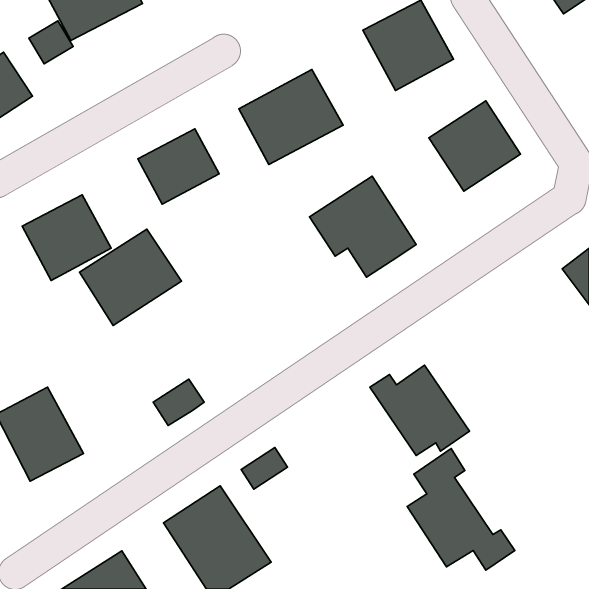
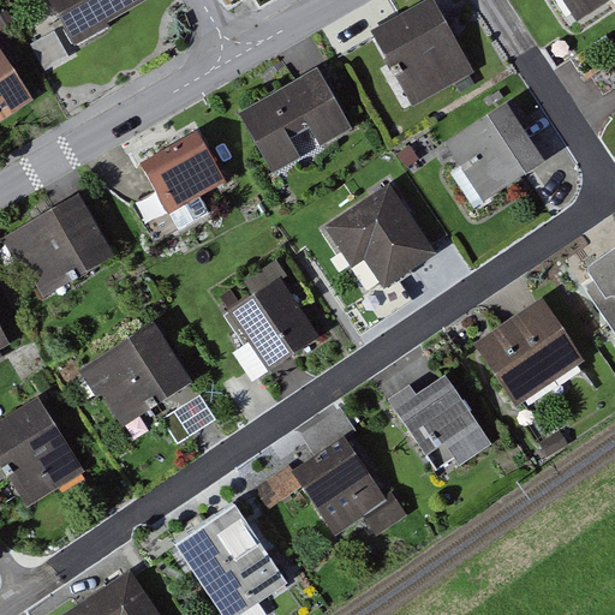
building: [79,229,182,325] -> [88,326,193,425]
building: none -> [226,280,314,371]
building: none -> [484,303,586,402]
building: [407,449,515,570] -> [291,408,402,535]

